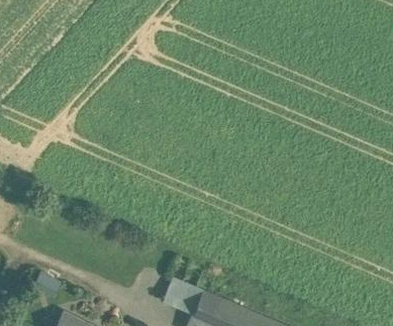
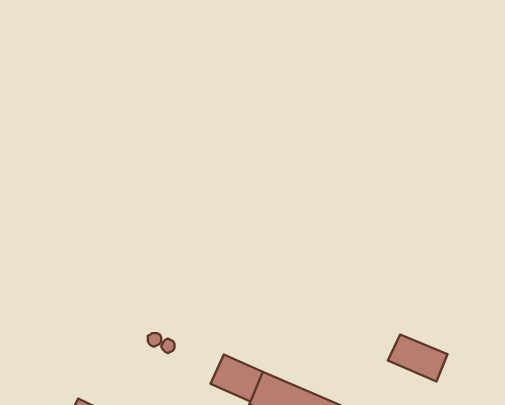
building: none -> [388,334,447,381]

